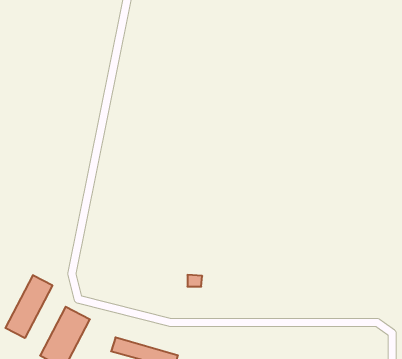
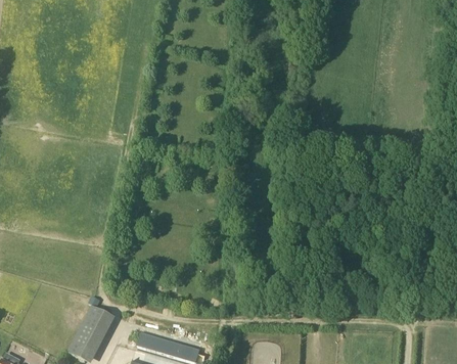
building: [5,275,52,338] -> none

